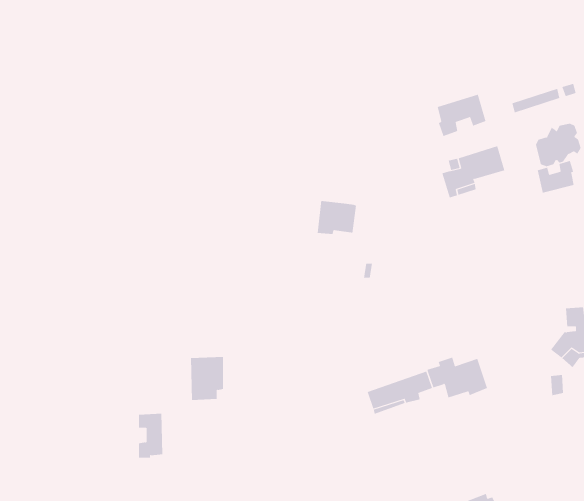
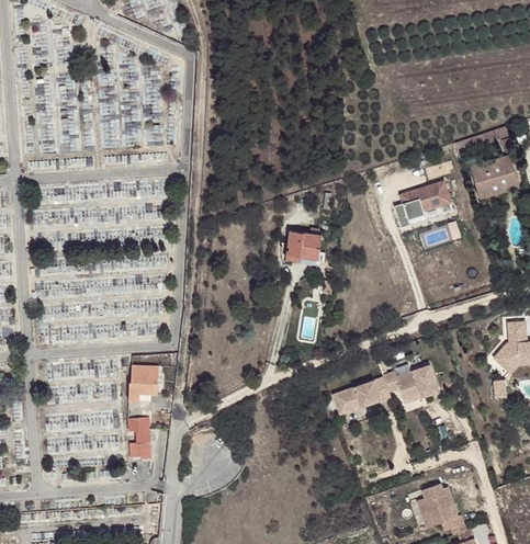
building: [437,94,486,137] -> none
building: [537,160,574,193] -> none
building: [190,357,224,400] -> [127,360,157,398]

